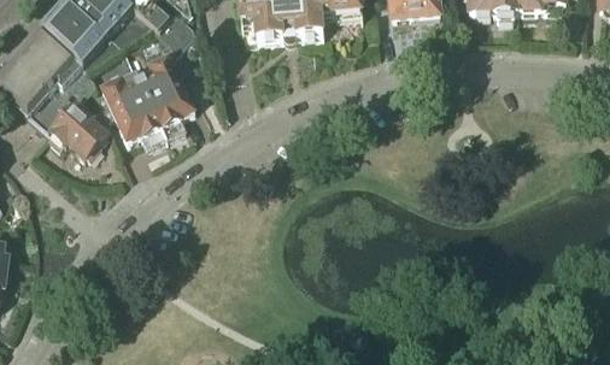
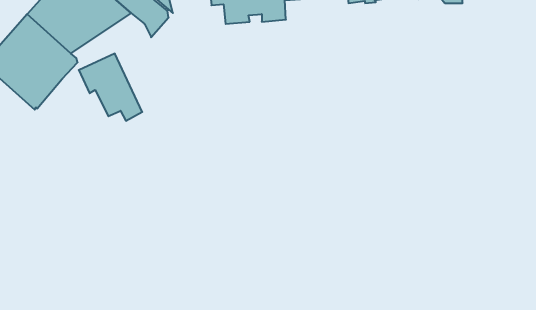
building: [134,55,193,135] -> none
building: [45,99,106,153] -> none

